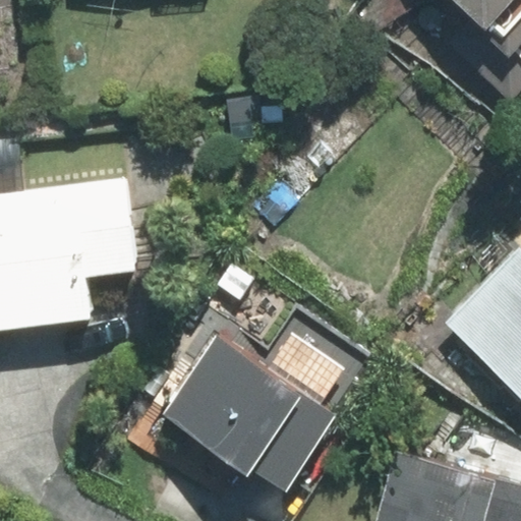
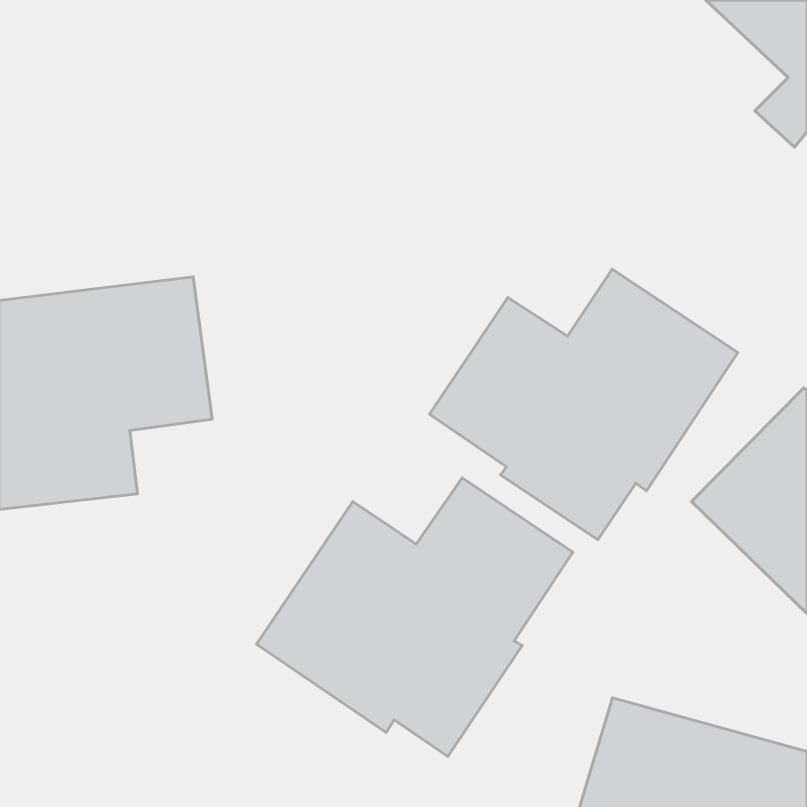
building: none -> [429,269,738,540]

